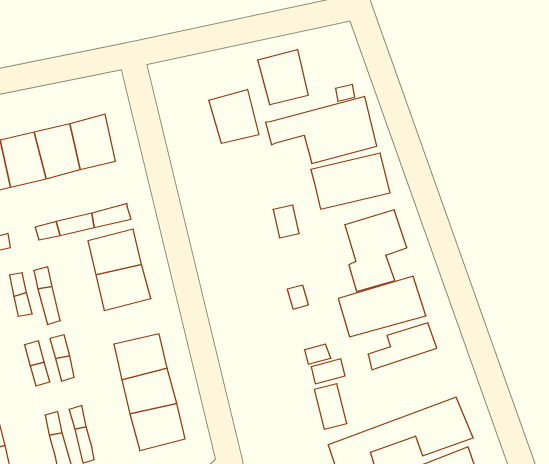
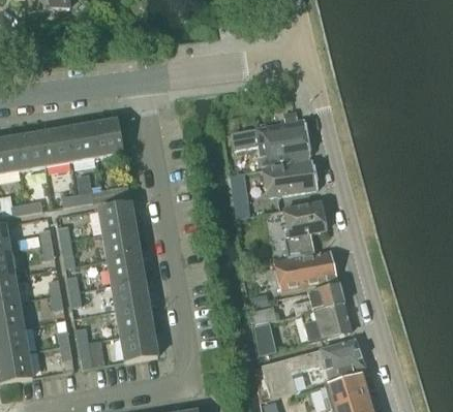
building: [258,49,308,105] -> none
building: [209,89,259,143] -> none
building: none -> [105,253,144,284]
building: none -> [299,303,350,343]

